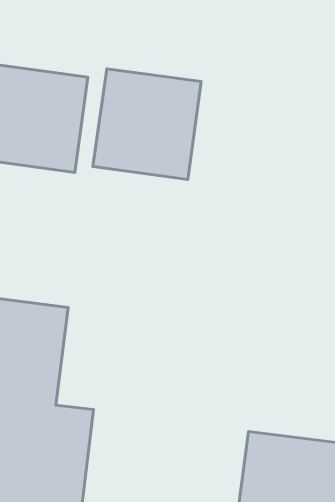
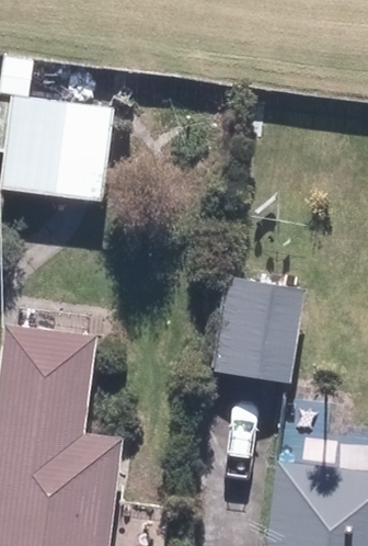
building: [93,69,201,180] -> none
building: none -> [209,275,304,383]

